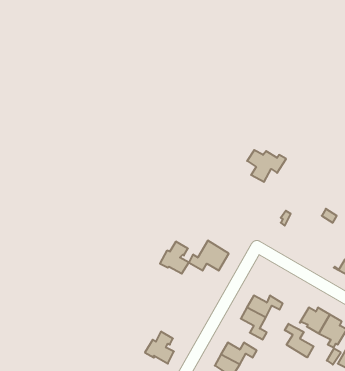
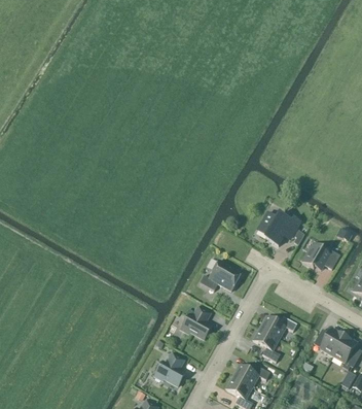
building: [247,150,286,182] -> [261,211,301,244]
building: none -> [298,243,339,269]
building: [160,242,189,274] -> [181,306,211,339]
building: [285,324,314,357] -> none

